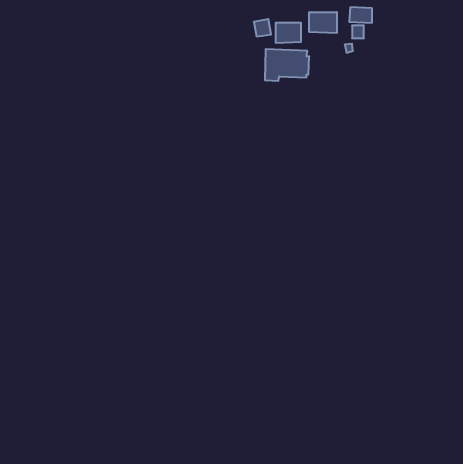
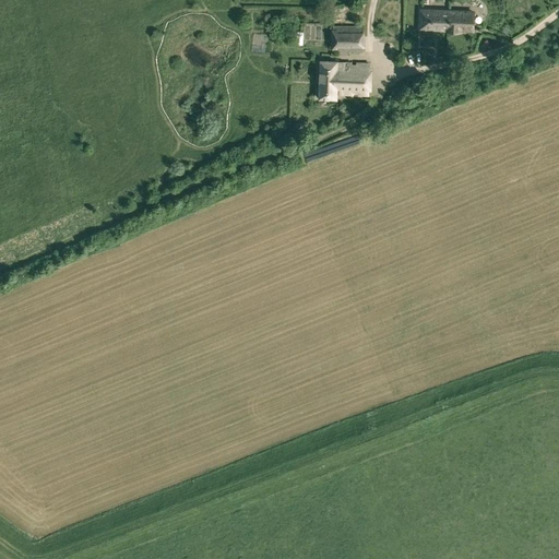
building: none -> [447,10,472,28]
building: [309,12,337,33] -> none

